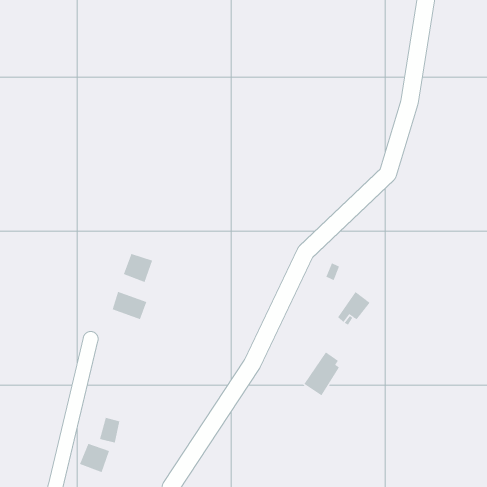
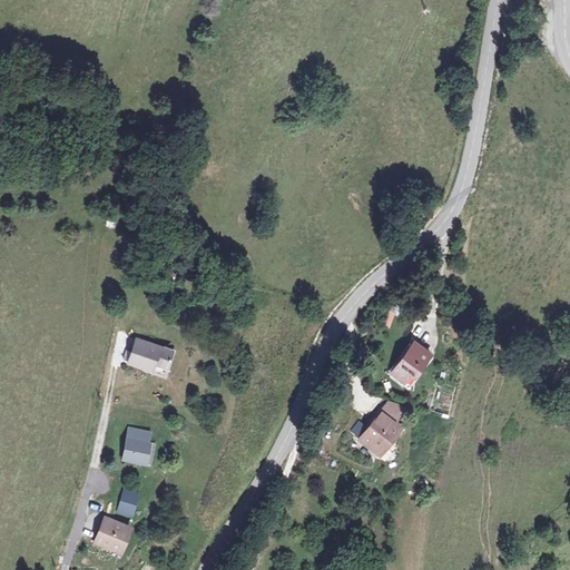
building: [123,253,153,283] -> none
building: none -> [124,428,149,462]

